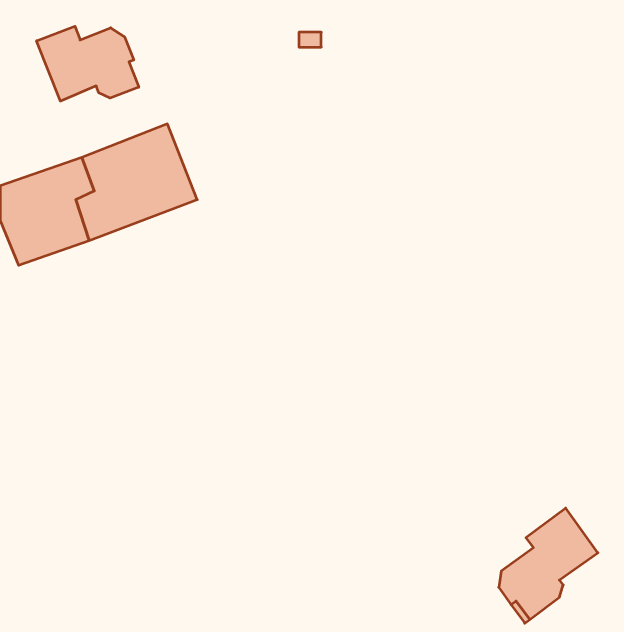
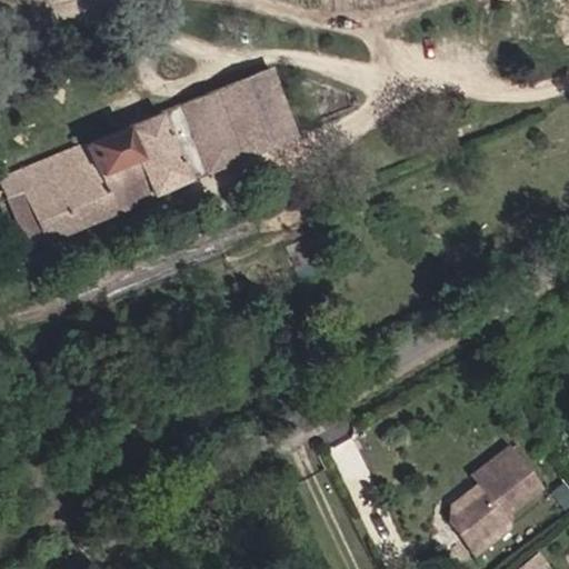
building: [37,26,139,101] -> none
building: none -> [159,71,292,180]

